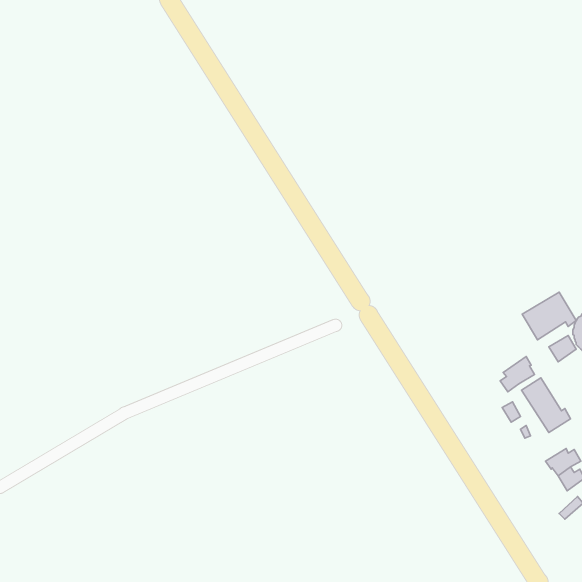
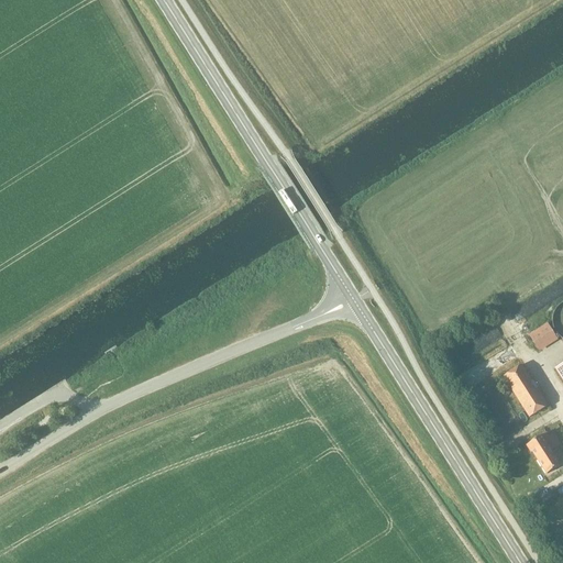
building: [522,292,576,340] -> none
building: [500,357,535,392] -> none

